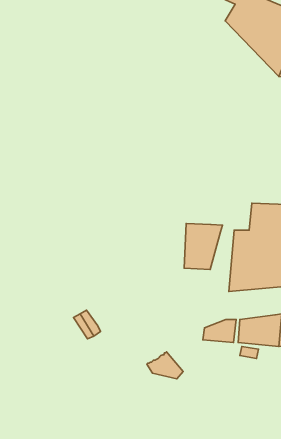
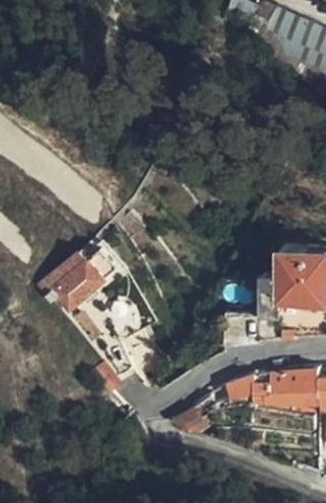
building: none -> [39,246,120,309]
building: [184,223,222,270] -> none

